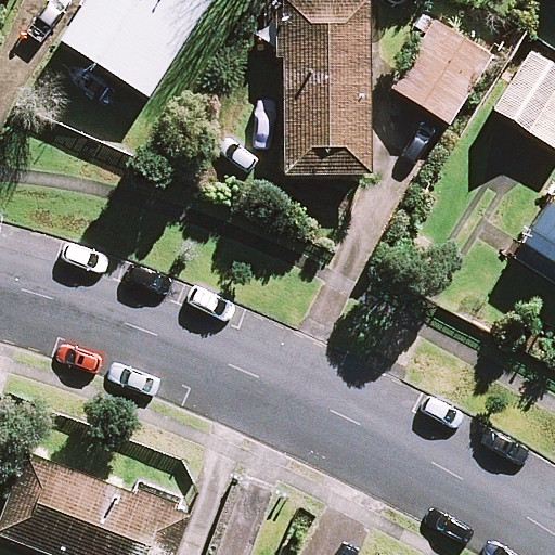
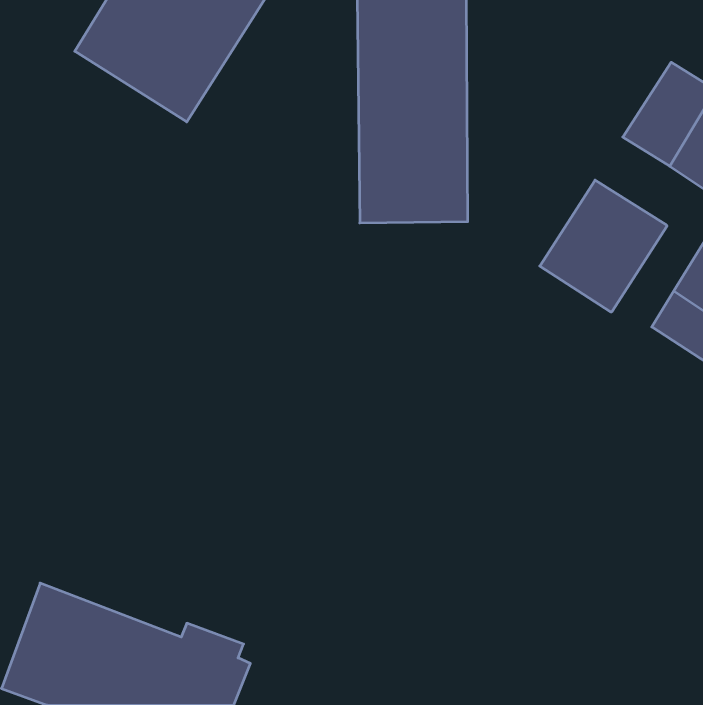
building: [393,20,493,122] -> [540,180,667,312]

